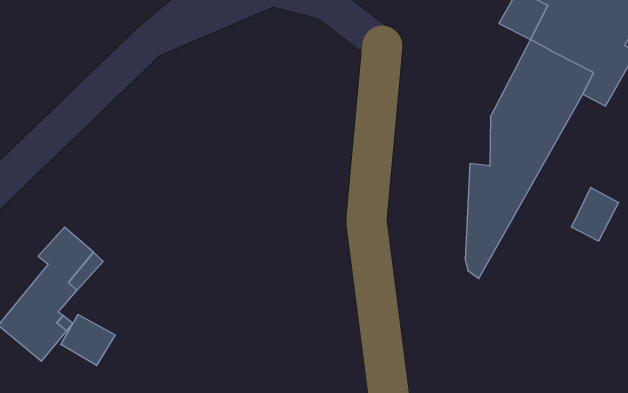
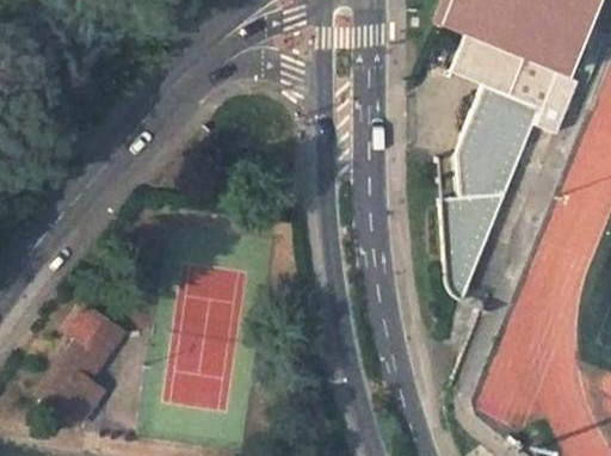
building: [571,187,619,241] -> none
building: [61,315,115,366] -> none

